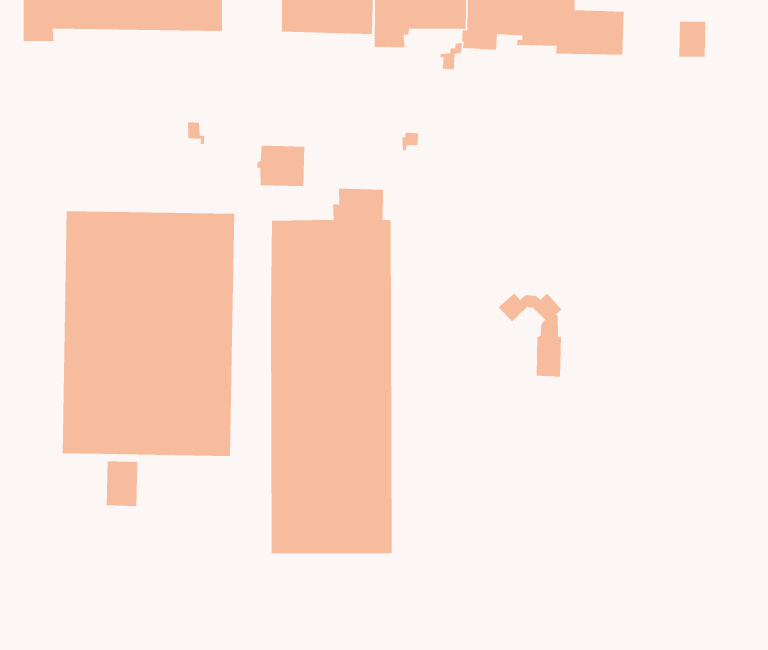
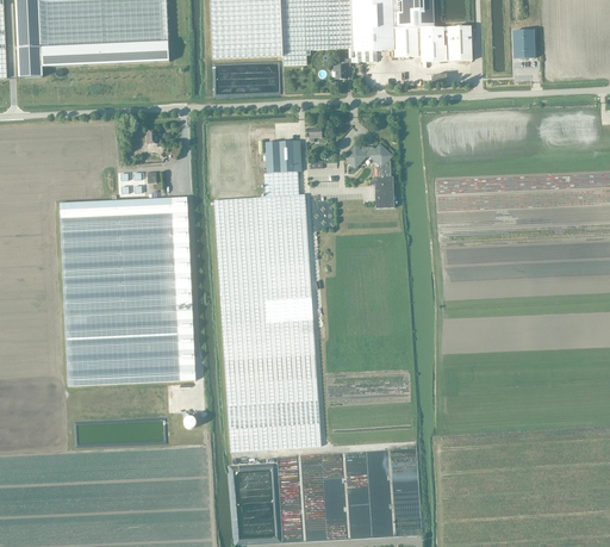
building: [256,145,305,187] -> [263,139,300,172]
building: [497,292,562,378] -> [343,143,394,206]
building: [106,460,138,507] -> none

